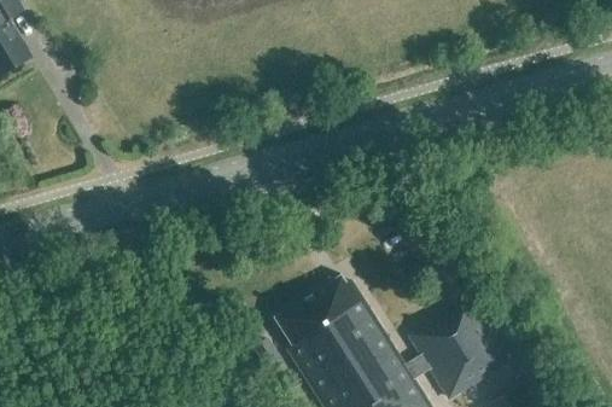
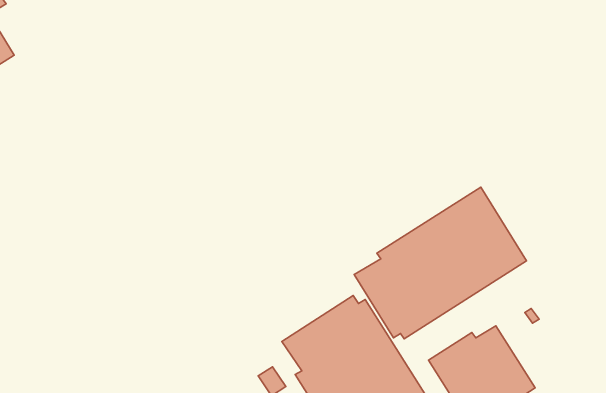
building: none -> [354,187,527,339]

